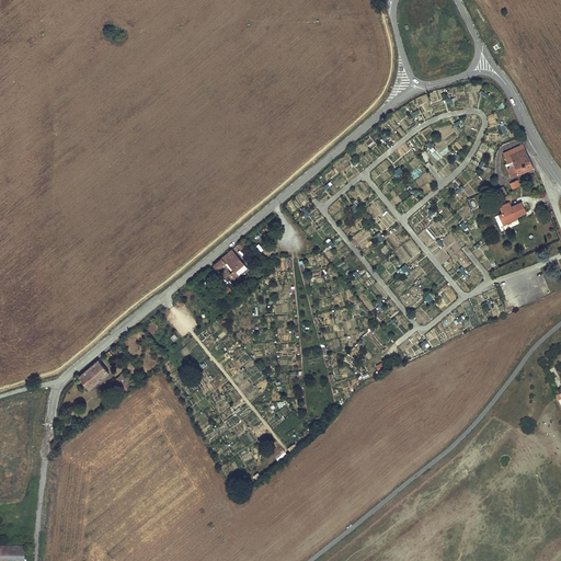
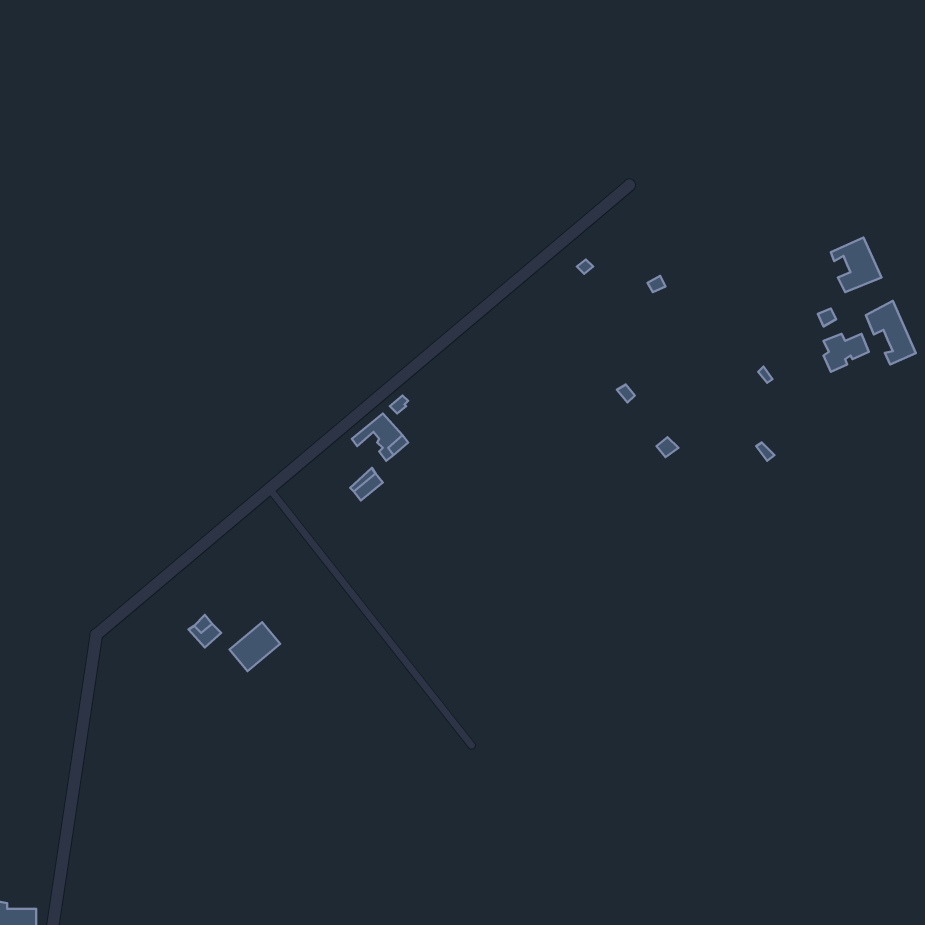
building: none -> [866,301,916,364]
building: [78,360,108,390] -> [229,622,280,671]

